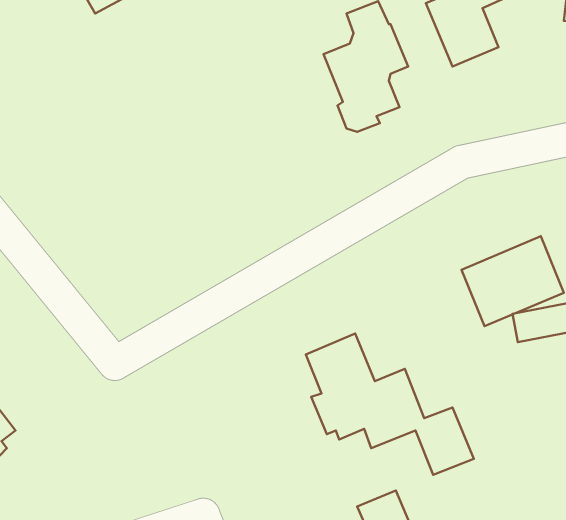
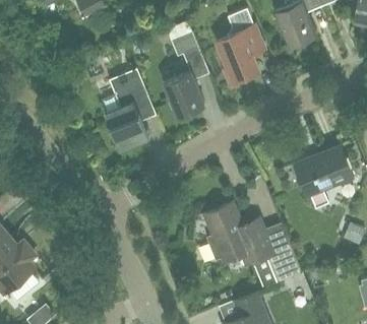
building: none -> [163,31,208,115]
building: none -> [105,69,152,147]

